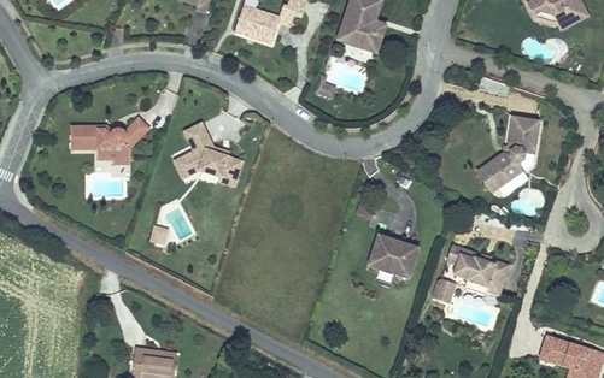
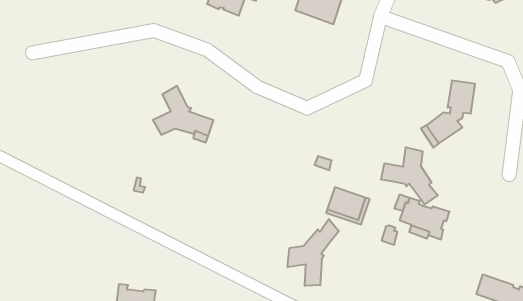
building: [71,116,151,159] -> none
building: none -> [381,147,438,204]
building: none -> [288,219,339,286]

